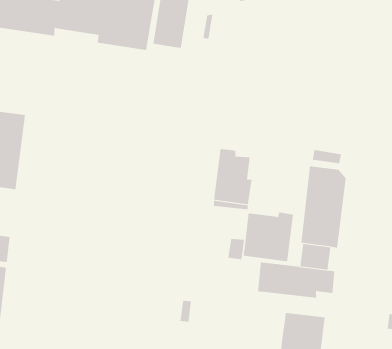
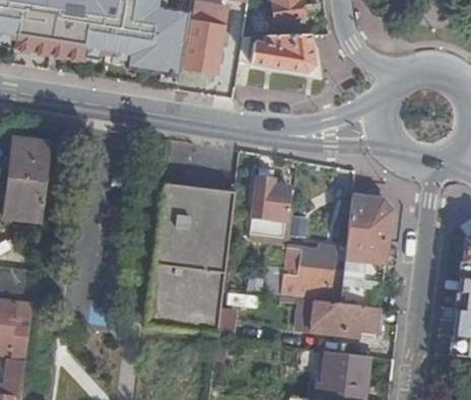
building: none -> [251,32,314,71]
building: none -> [145,182,234,333]

